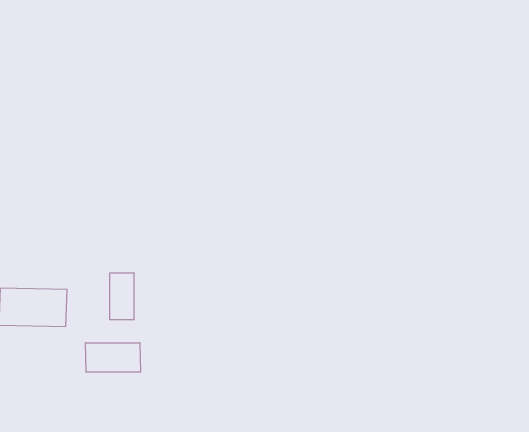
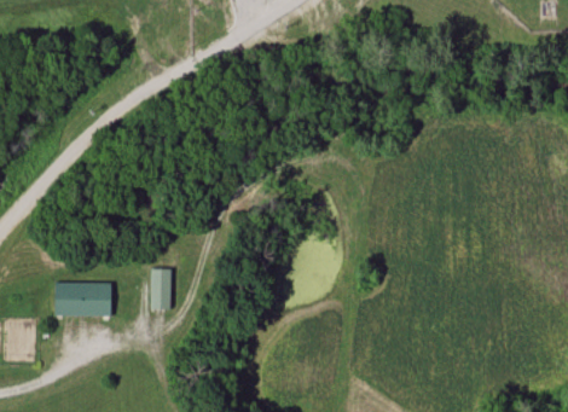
building: [86,343,140,372] -> none

